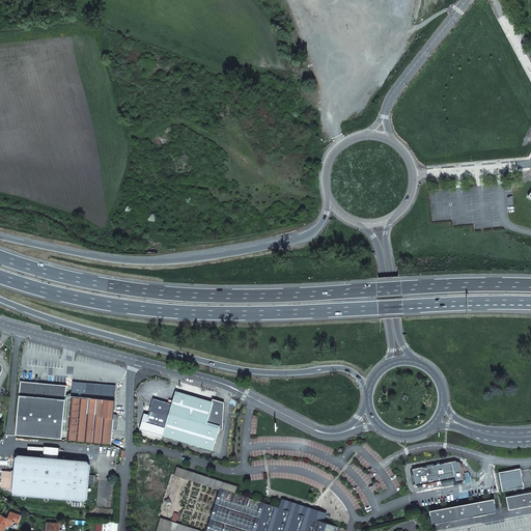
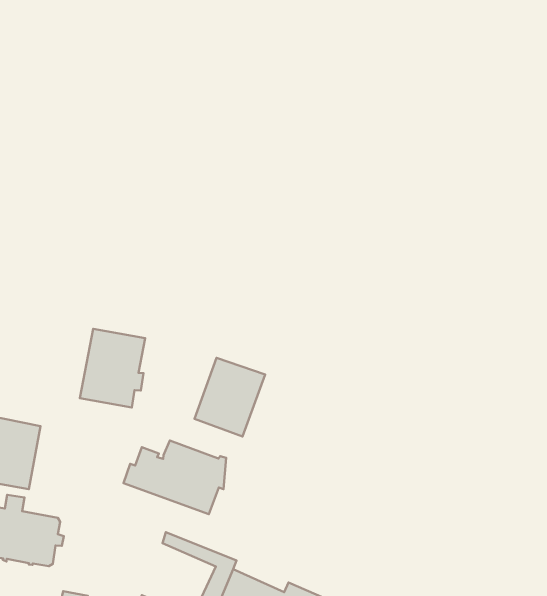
building: none -> [195,358,265,436]
building: [66,383,117,445] -> [80,329,145,407]
building: [412,462,464,485] -> none

